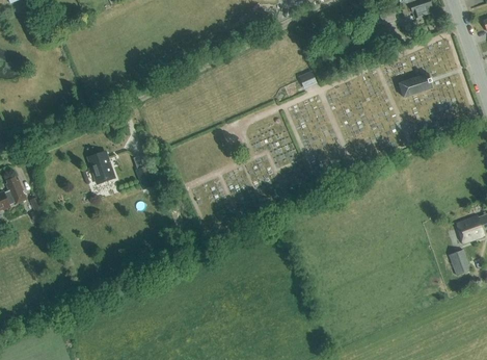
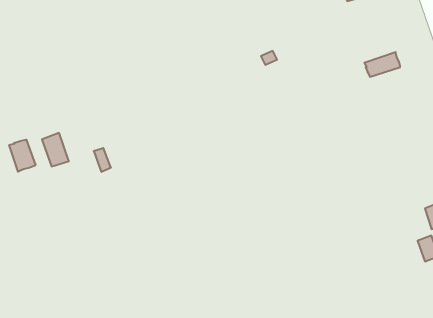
building: none -> [9,140,35,172]

